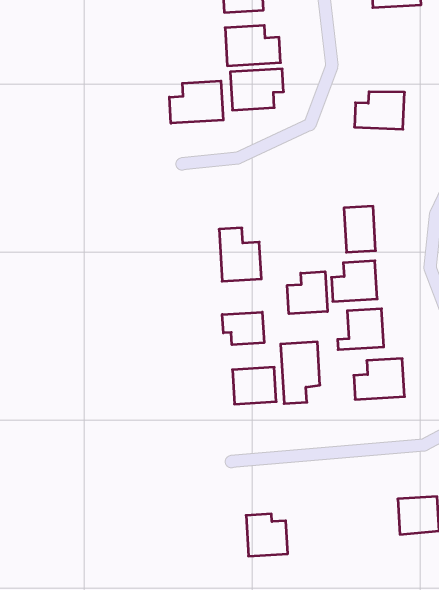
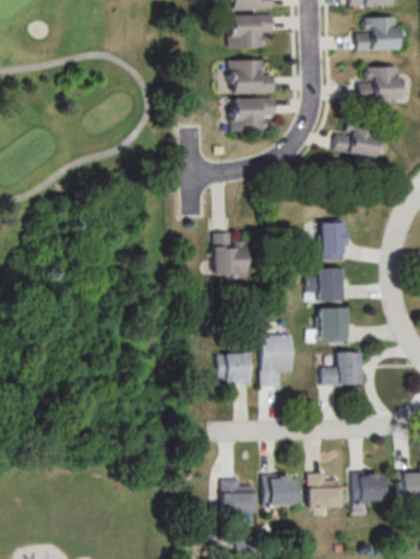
building: none -> [359,67,400,99]
building: [169,81,223,123] -> none
building: [287,272,327,314] -> none
building: [222,312,264,345] -> none
building: none -> [309,473,343,508]
building: none -> [264,475,301,506]

